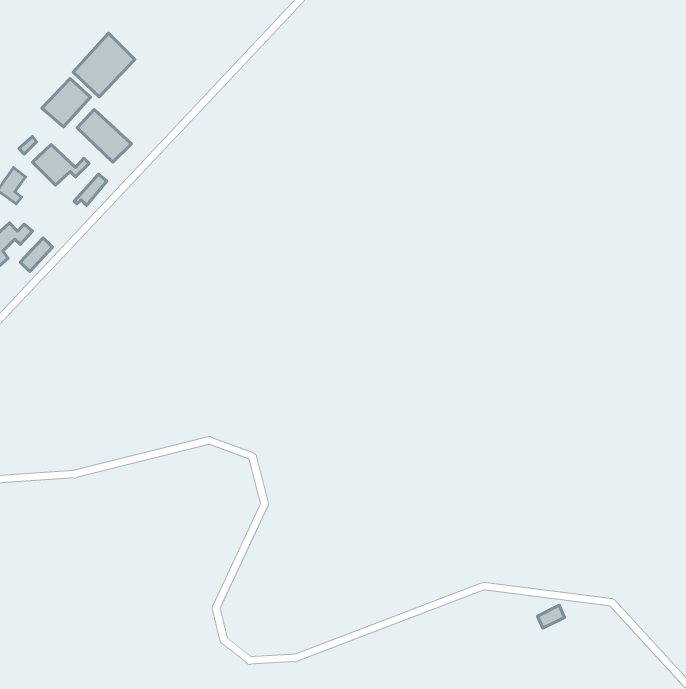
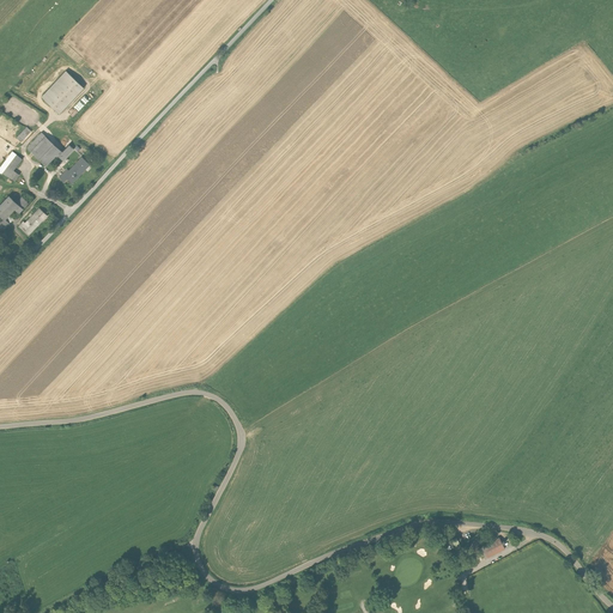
building: [73,33,135,97] -> none
building: [77,110,132,162] -> none

